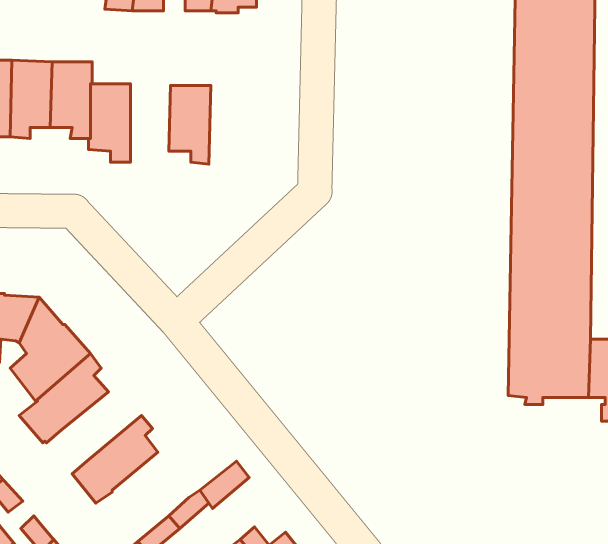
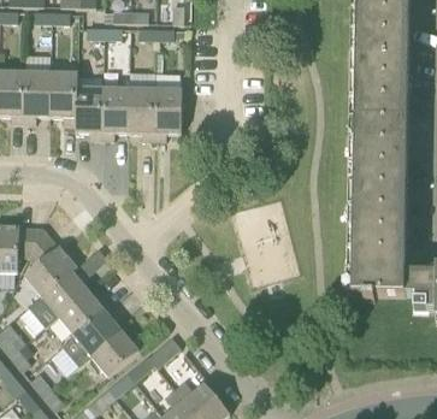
building: none -> [101,87,128,138]
building: none -> [153,88,181,140]
building: none -> [55,290,108,336]
building: none -> [89,330,142,376]

